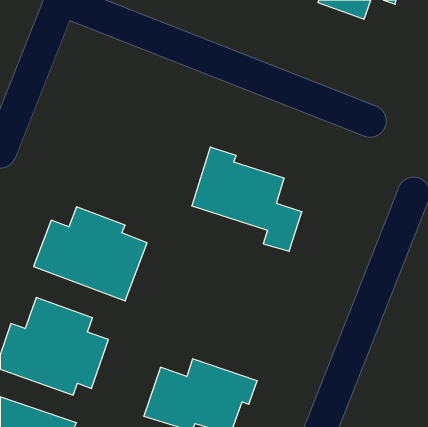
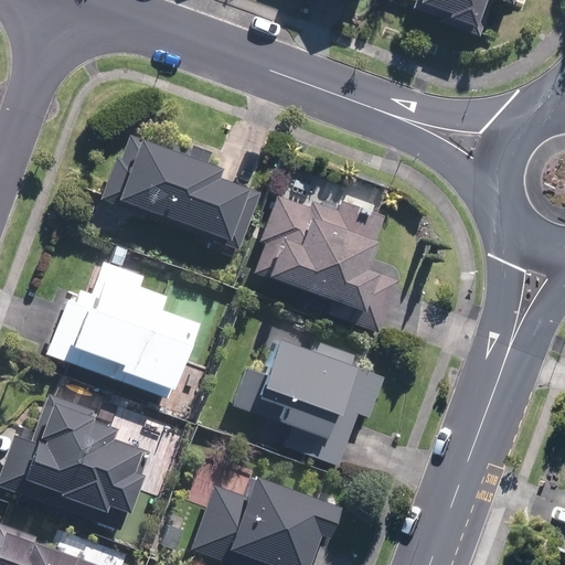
building: none -> [103,137,258,257]
building: none -> [258,333,385,446]

